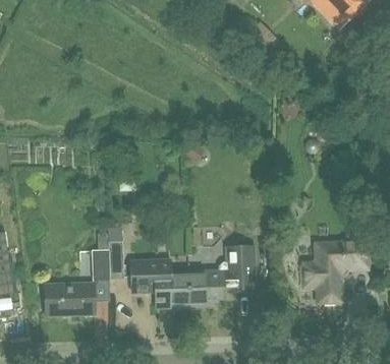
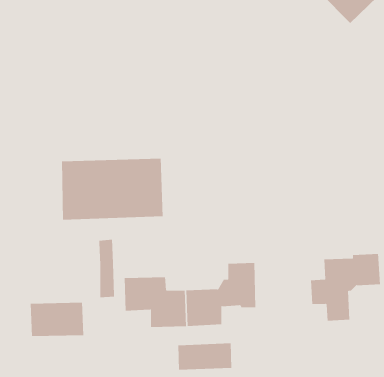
building: none -> [61,158,163,221]
building: [90,248,108,279] -> none
building: none -> [178,343,232,371]

